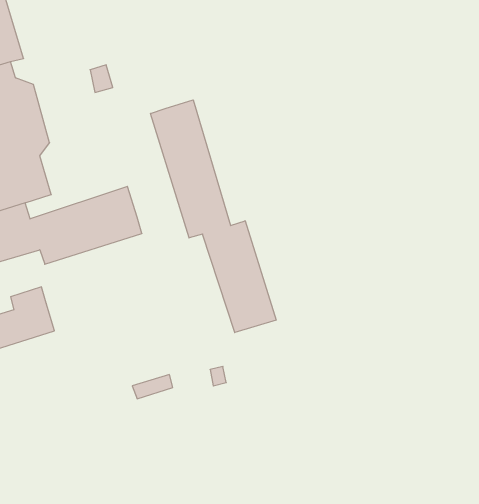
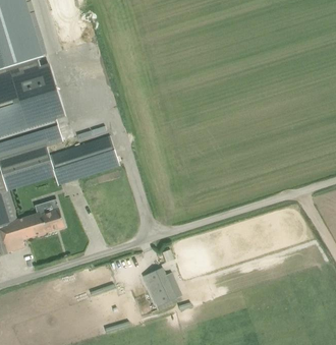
building: [151,100,276,333] -> none
building: none -> [142,268,174,306]

